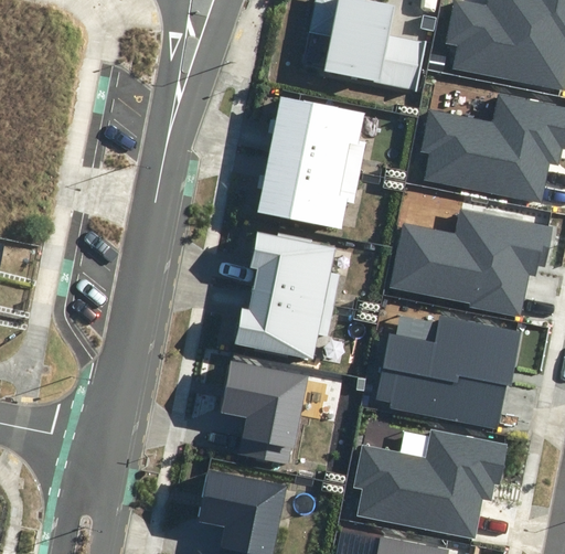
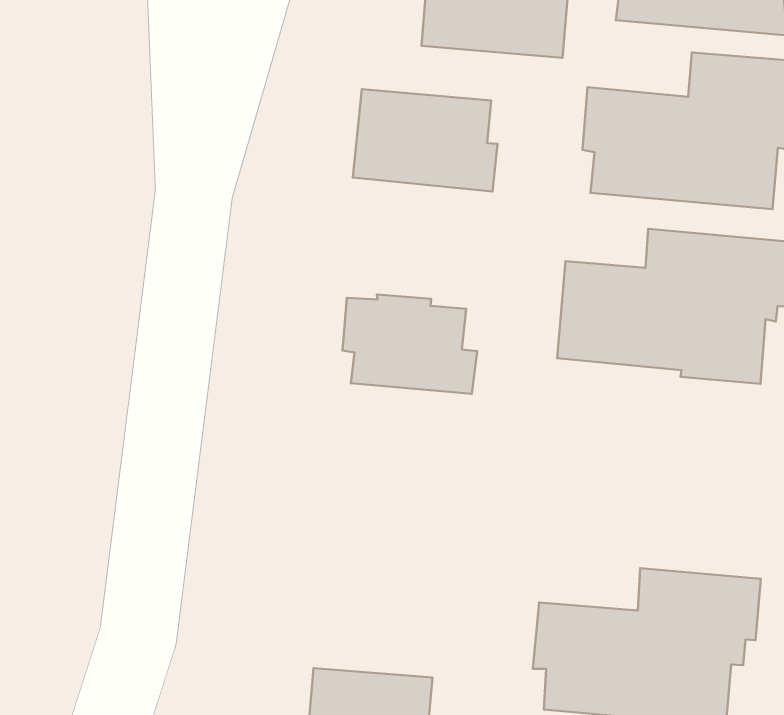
building: [256,153,359,230] -> none
building: [234,288,331,359] -> none
building: [374,316,520,428] -> none
building: [220,362,307,464] -> none

